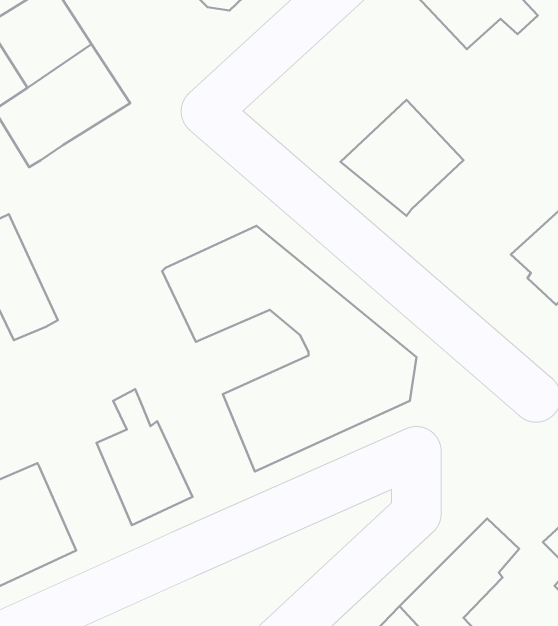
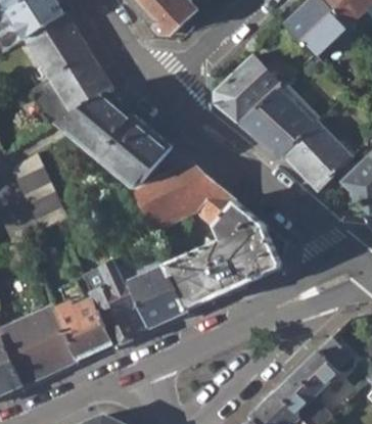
building: none -> [214,54,281,123]
building: none -> [57,87,171,189]
building: none -> [282,119,350,187]
building: none -> [118,249,187,326]
building: none -> [56,293,112,359]

